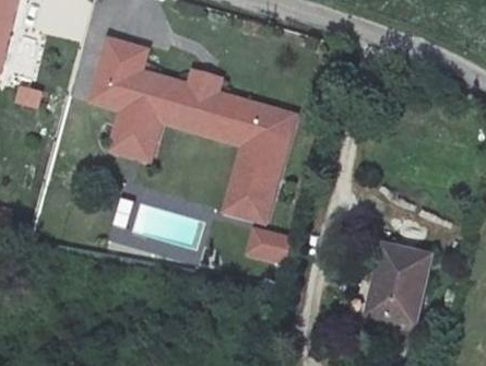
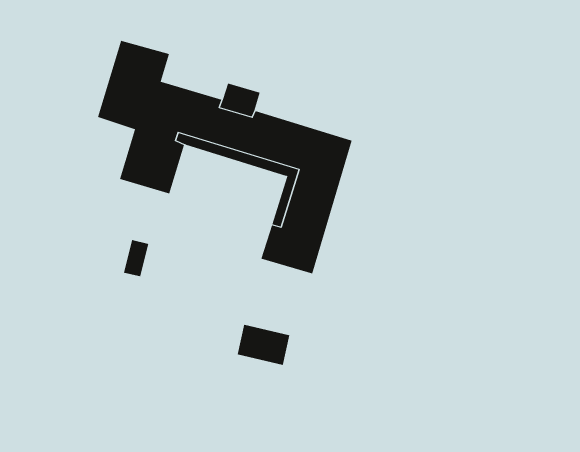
building: [247,228,289,261] -> [237,324,290,365]
building: [368,240,432,332] -> none

